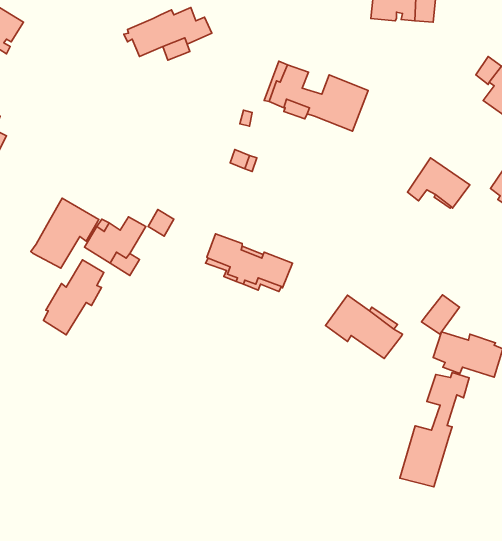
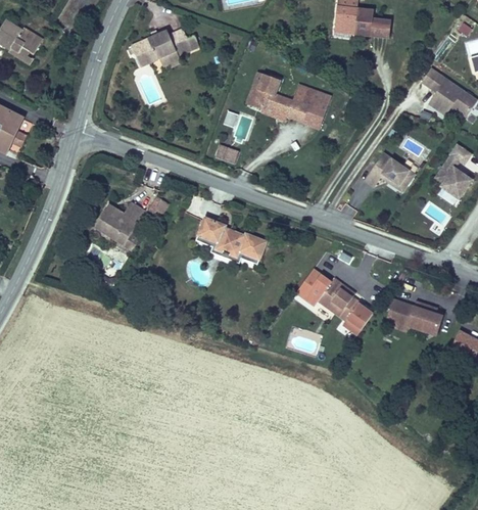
building: [31,198,99,268] -> none
building: [44,260,104,335] -> none
building: [422,295,459,334] -> [341,300,373,333]
building: [400,373,469,487] -> none

